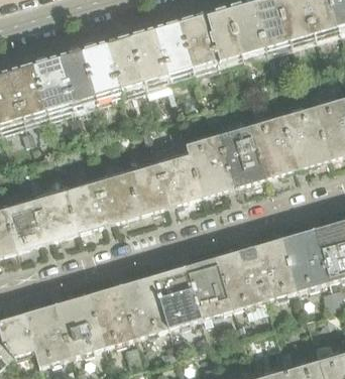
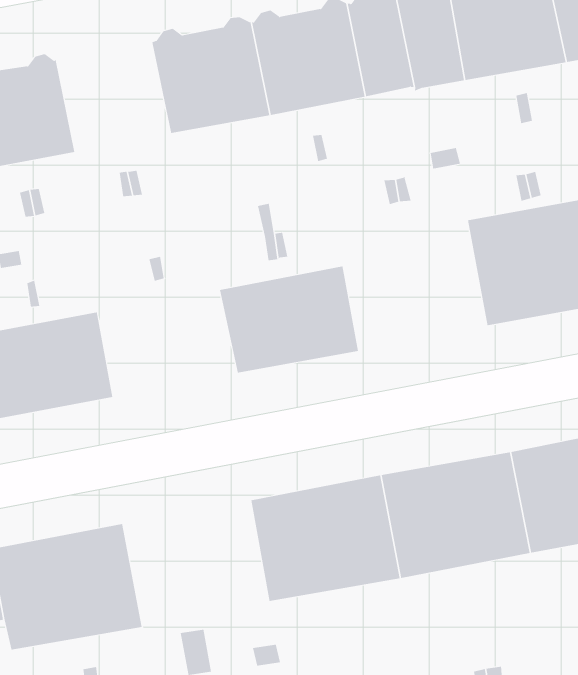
building: [34,47,96,110] -> none
building: [187,125,265,197] -> none
building: [68,172,141,232] -> none
building: [91,277,168,347] -> none

